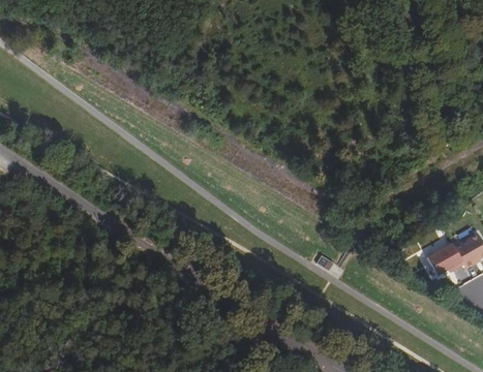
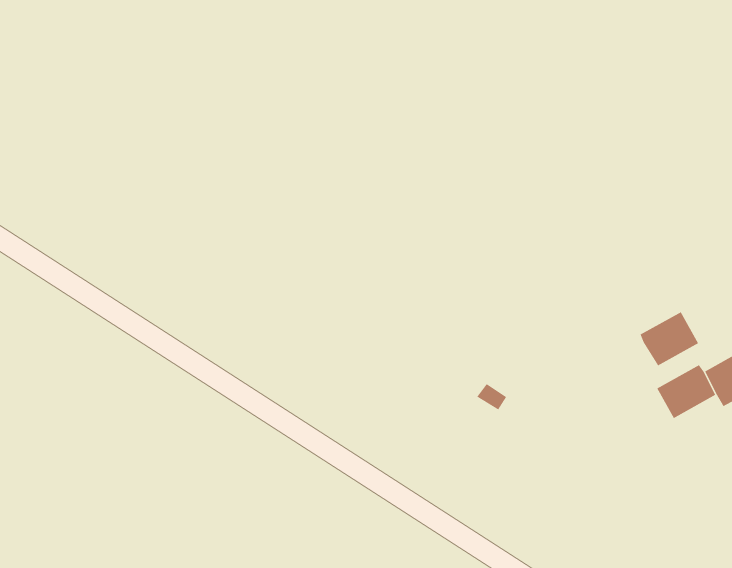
building: none -> [640,311,699,367]

